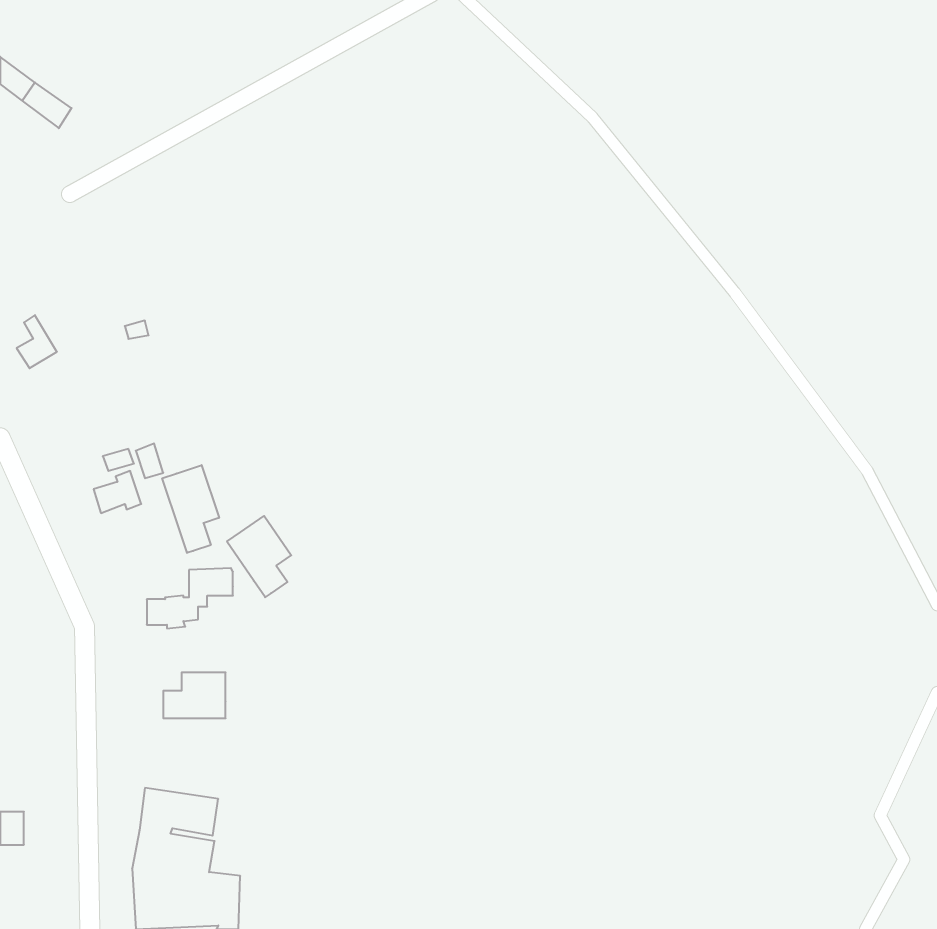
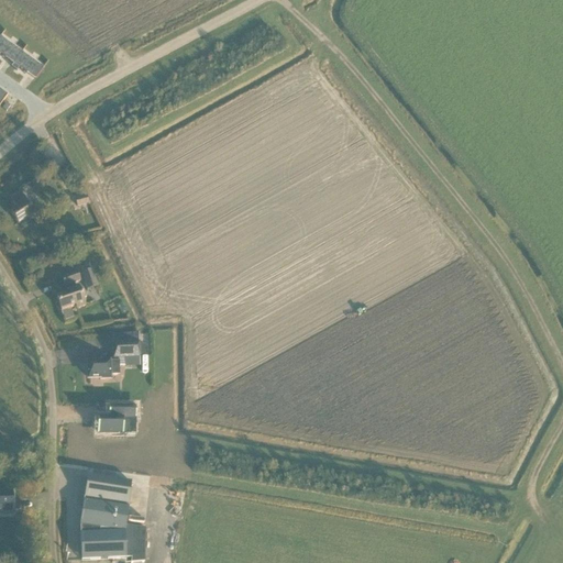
building: [162,465,219,553] -> none
building: [227,516,291,597] -> none

